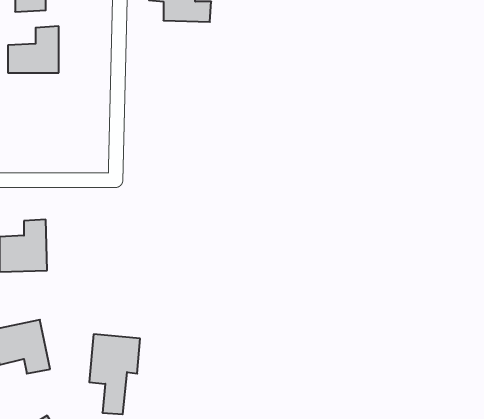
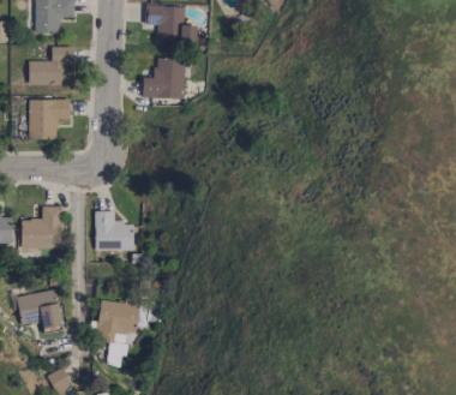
building: none -> [143,58,185,97]
building: none -> [29,100,70,139]
building: none -> [95,210,134,250]

